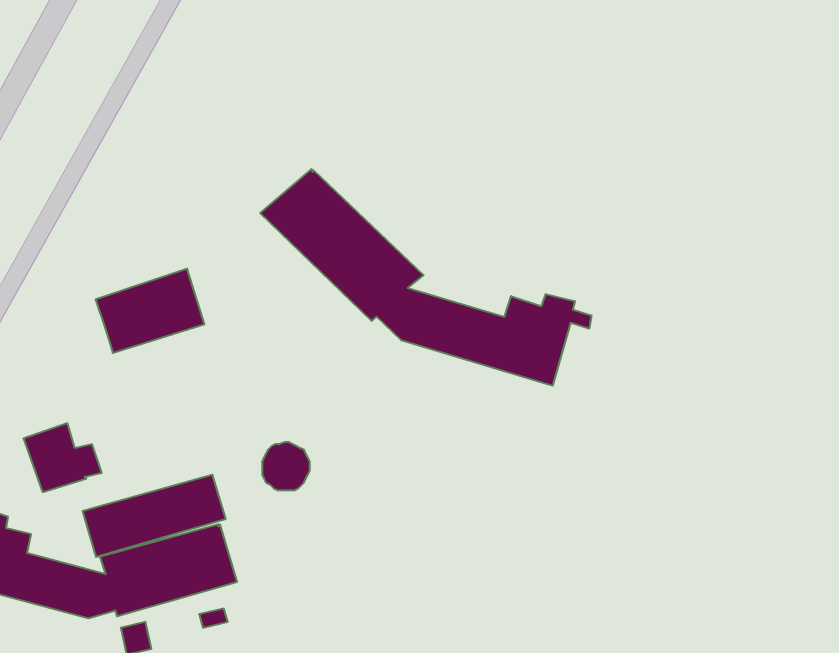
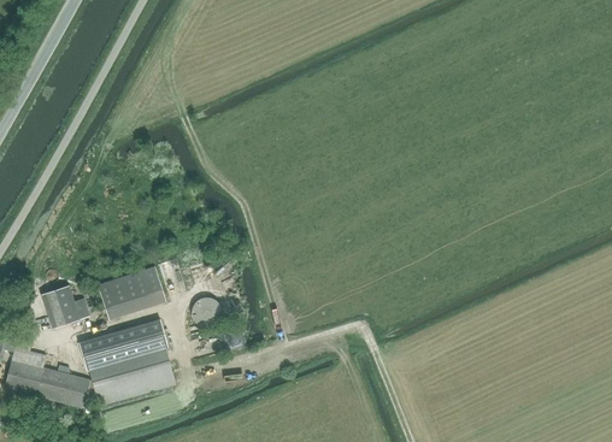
building: [260,169,591,386] -> none
building: [96,269,204,353] -> [98,266,166,319]

